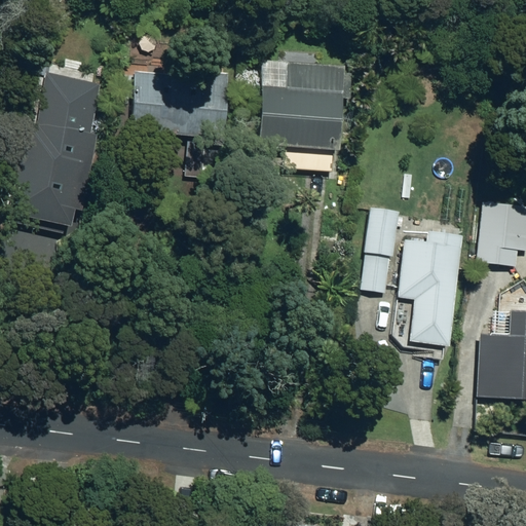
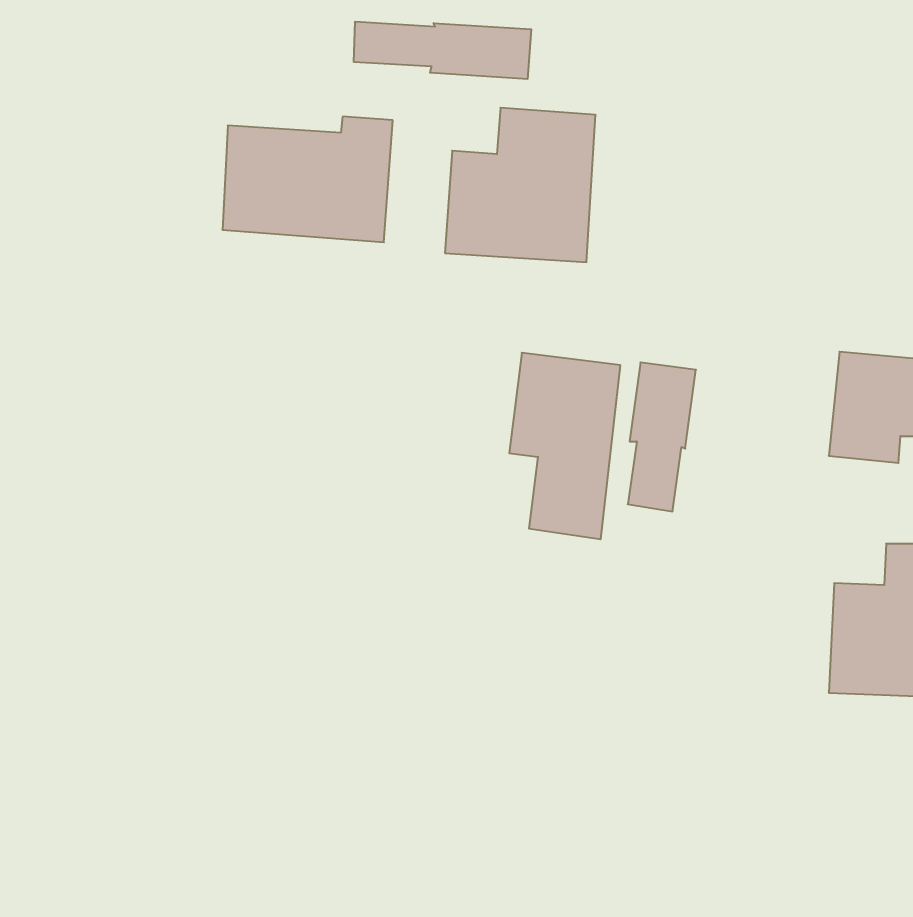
building: none -> [354,22,531,79]
building: [14,70,101,201] -> none
building: [397,240,460,347] -> [509,353,620,539]

